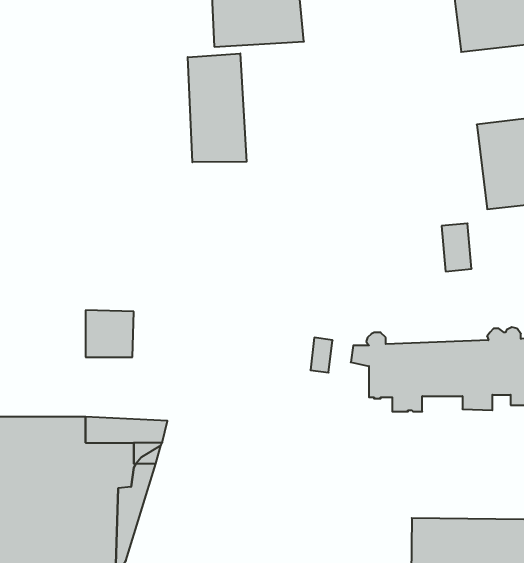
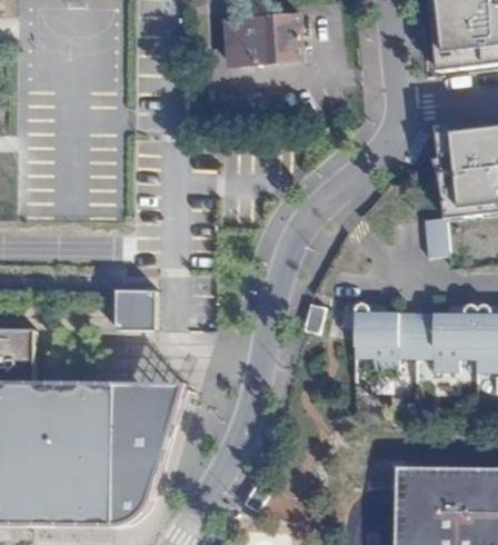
building: [188,53,247,162] -> none

